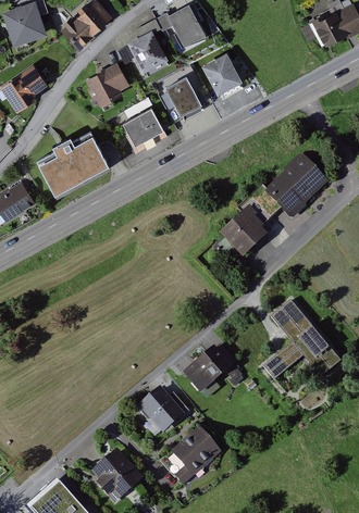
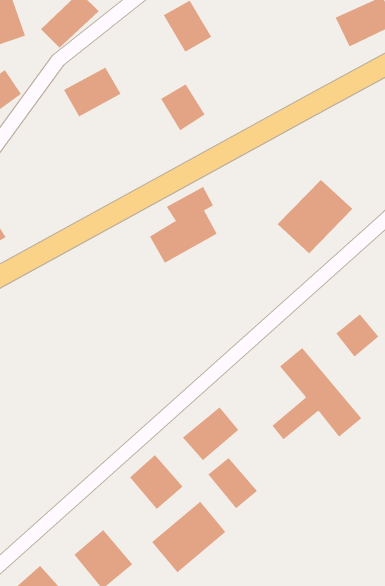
building: [128,30,168,73] -> none
building: [201,51,244,96] -> none
building: [121,108,161,146] -> none
building: [49,127,107,192] -> [149,186,218,264]
building: [222,210,271,258] -> none
building: none -> [335,314,379,358]
building: none -> [208,457,258,509]

